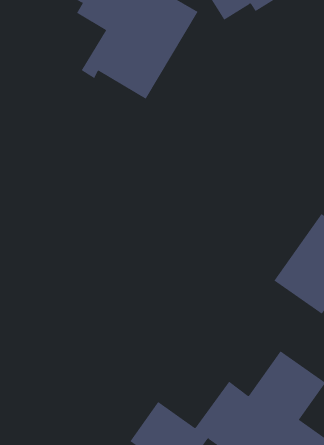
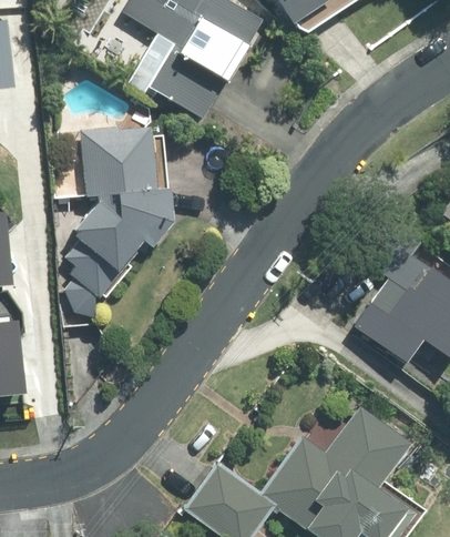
building: none -> [61,126,172,316]

